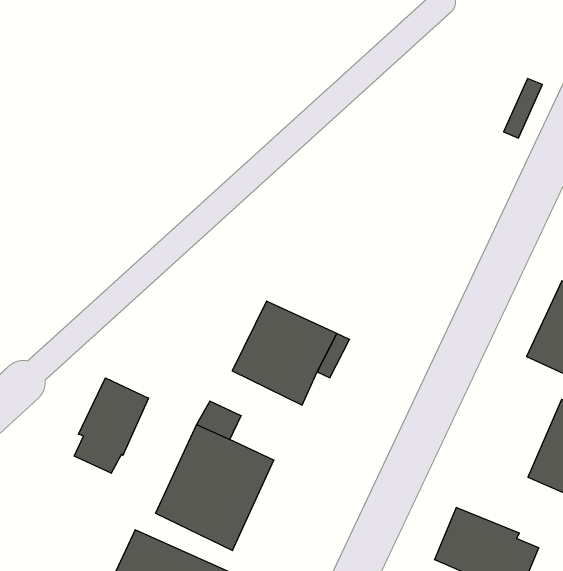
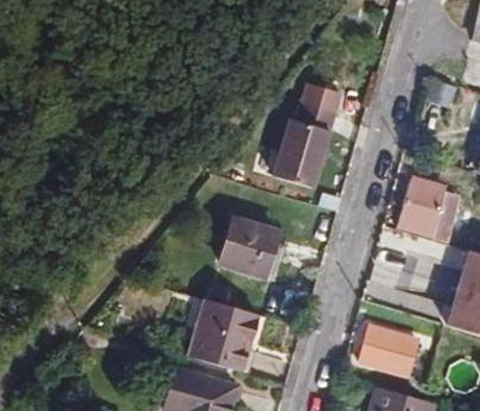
building: none -> [274,103,335,187]
building: [74,378,149,473] -> none

